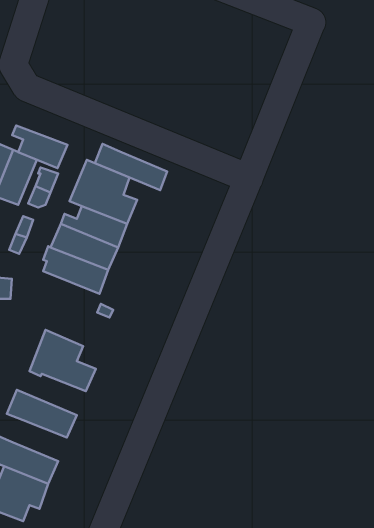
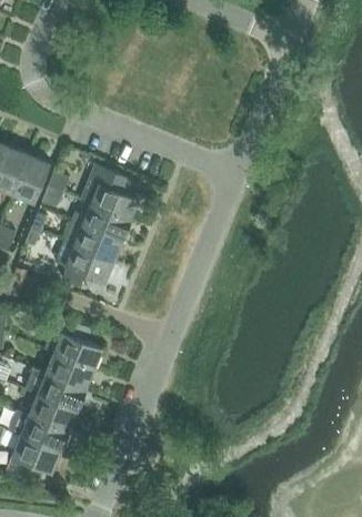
building: [12,125,68,168] -> none
building: [95,144,167,190] -> none
building: none -> [44,354,92,391]
building: none -> [28,395,76,432]

